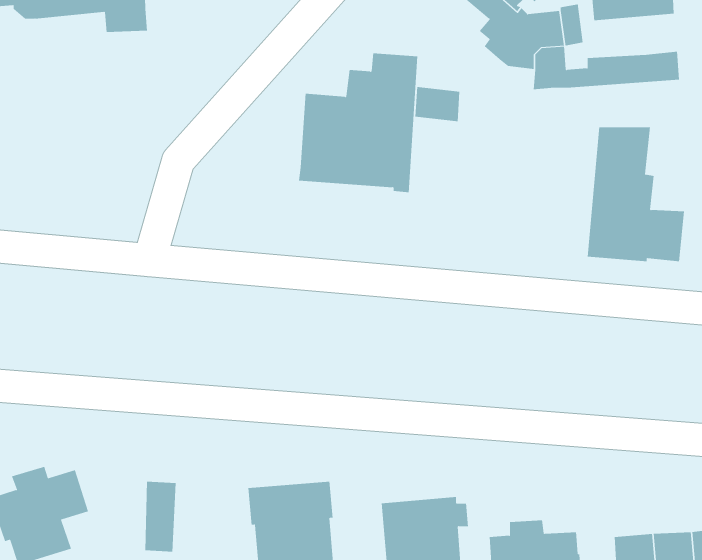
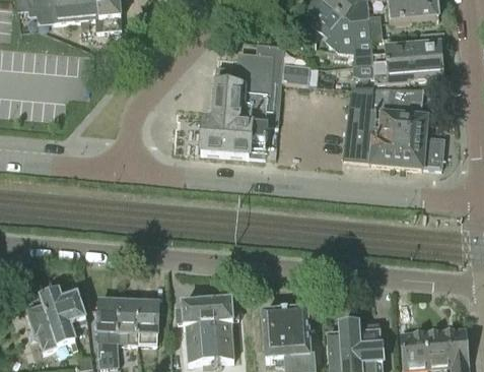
building: none -> [372,59,443,83]
building: none -> [343,87,393,166]
building: none -> [201,119,269,158]
building: none -> [97,301,121,343]
building: none -> [137,302,159,344]

